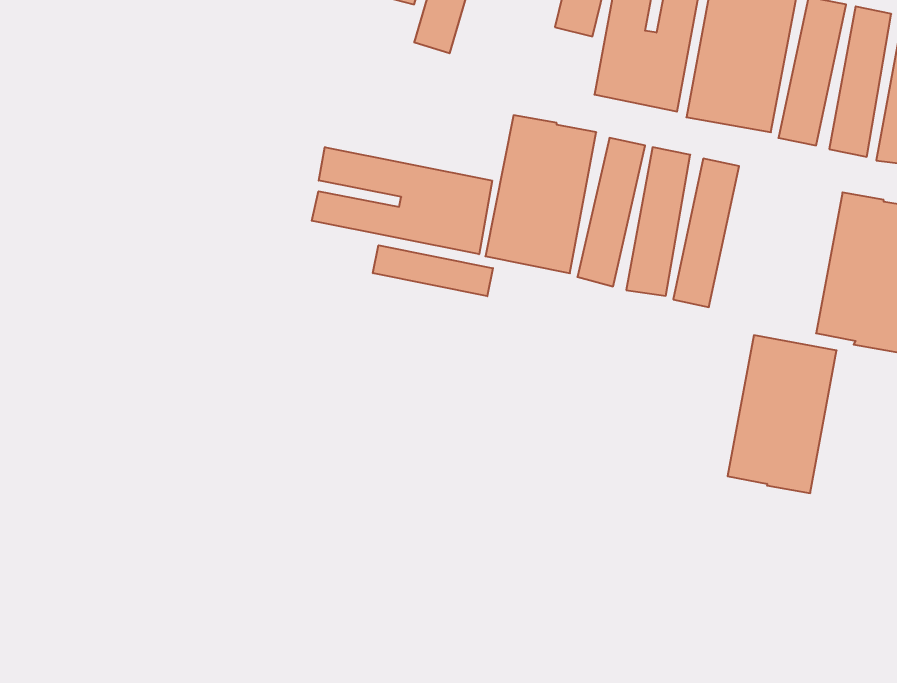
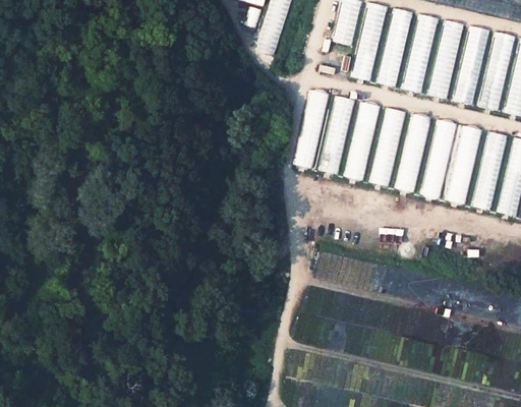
building: [312,147,492,254] -> none
building: [373,245,493,296] -> none
building: [728,335,837,493] -> [422,119,481,205]

